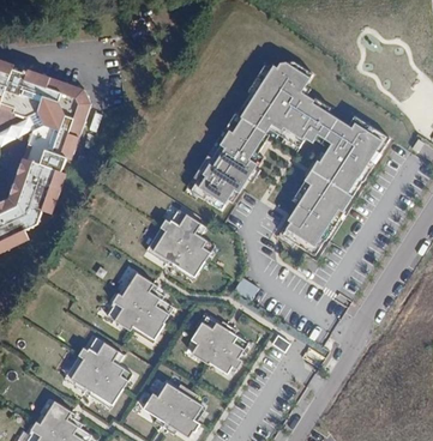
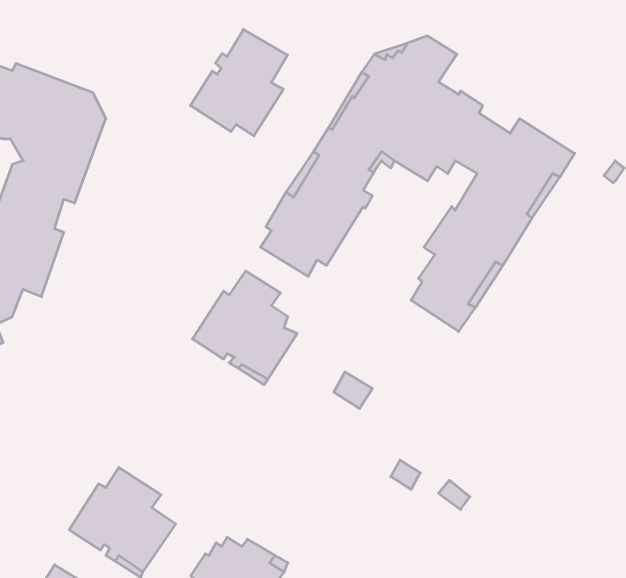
building: none -> [190,29,288,136]
building: [107,272,174,339] -> none
building: [190,314,248,373] -> none

